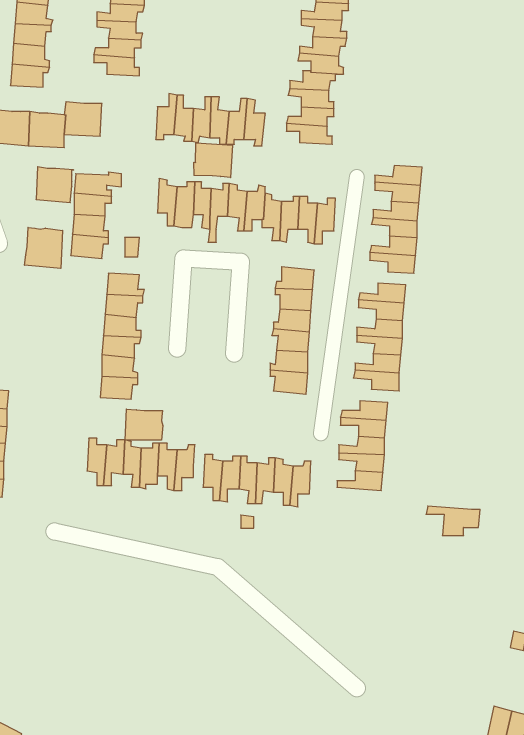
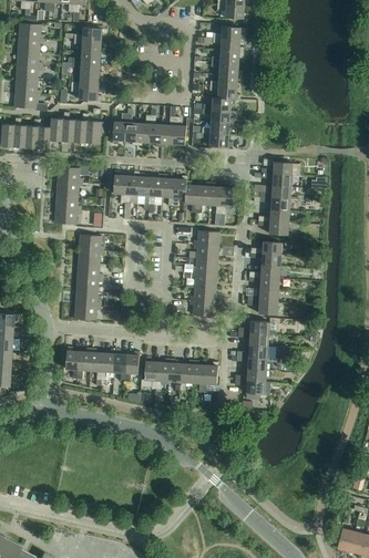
building: [194,143,232,178] -> none
building: [36,167,74,203] -> [75,120,101,144]
building: [25,227,63,268] -> none
building: [125,409,163,440] -> none
building: [426,506,480,536] -> [235,380,271,400]

